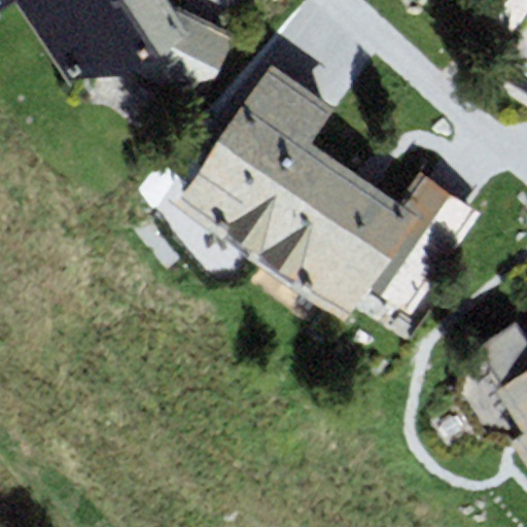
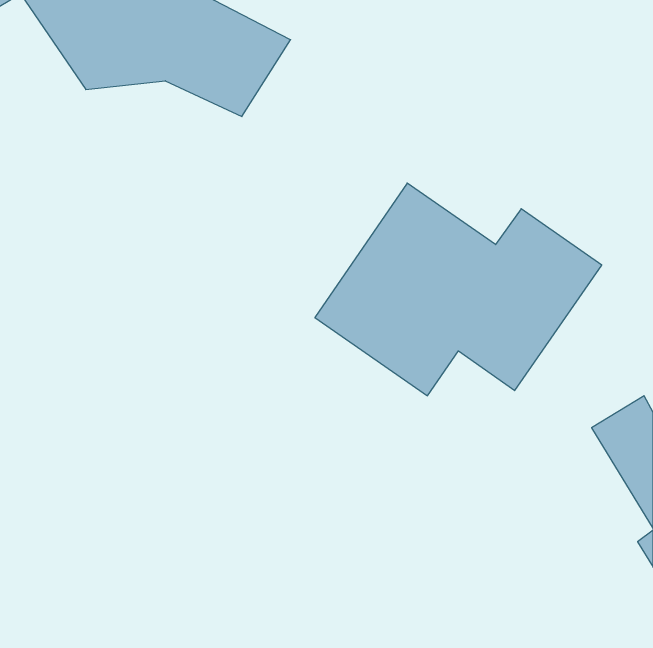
building: [173,60,335,255] -> none

